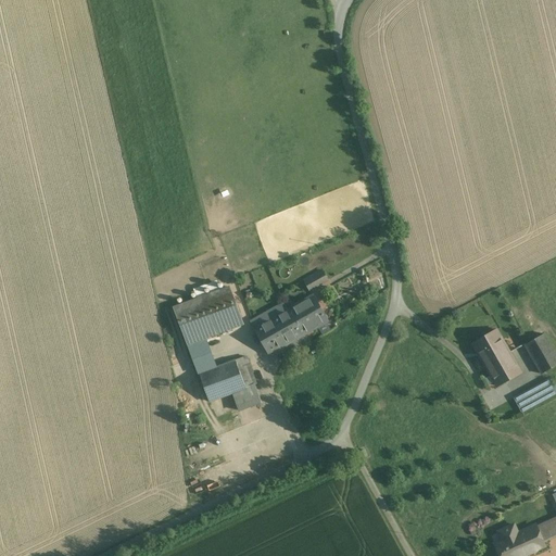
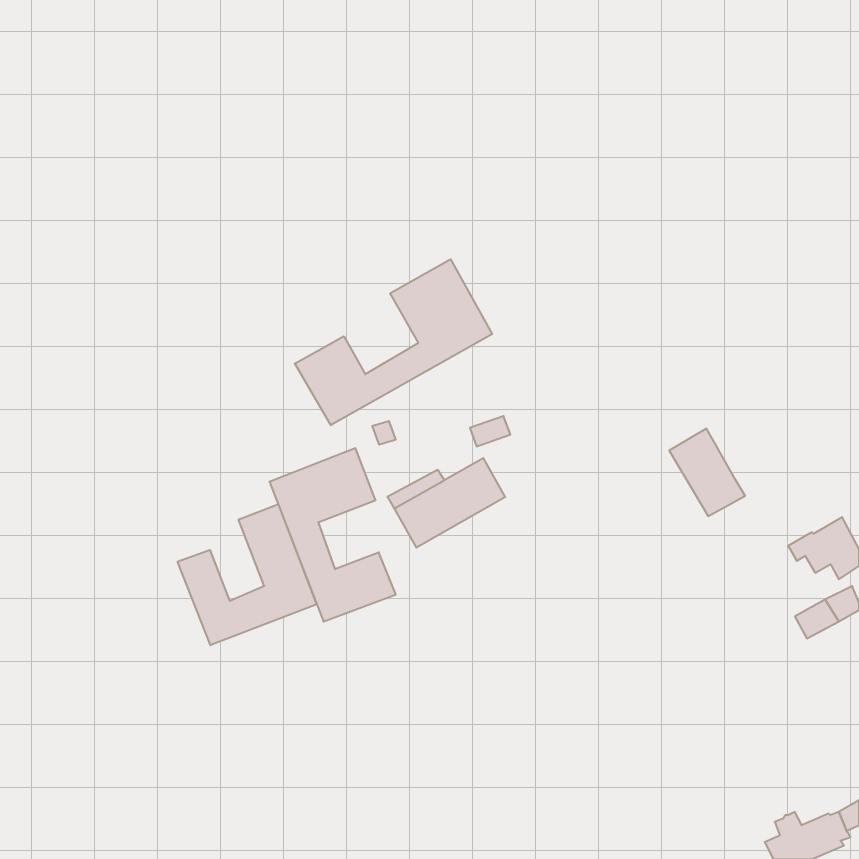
building: none -> [295,259,492,425]
building: none -> [178,504,316,645]
building: [471,329,520,386] -> [669,428,745,516]

